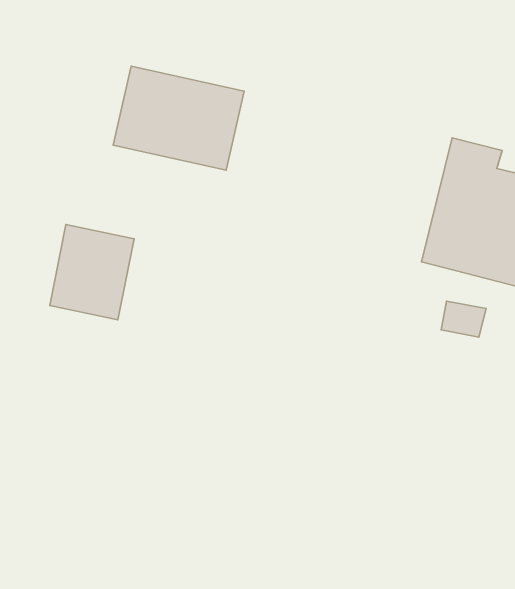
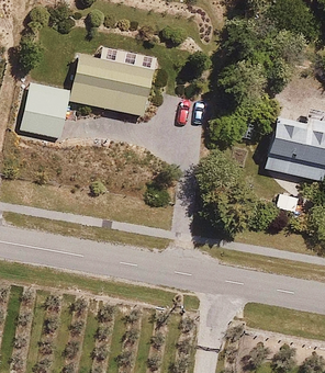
building: [50,225,134,320] -> [21,82,72,140]

